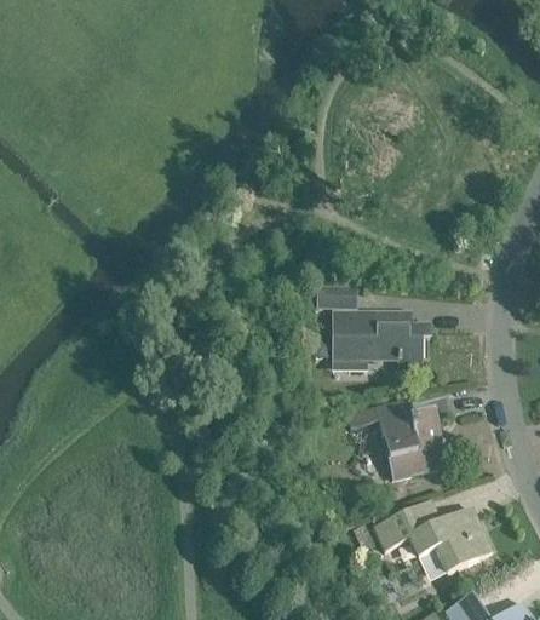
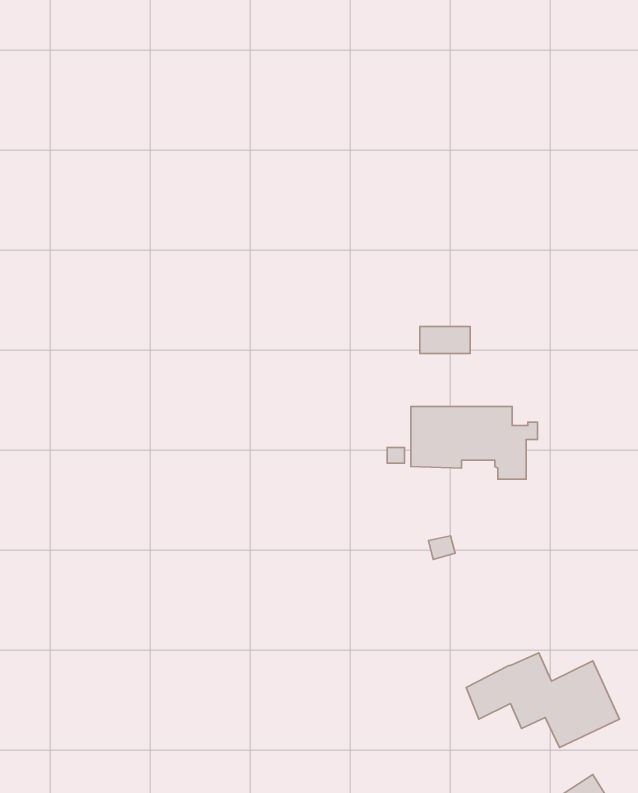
building: [316,287,355,308] -> [420,327,470,353]
building: [374,402,441,478] -> none

